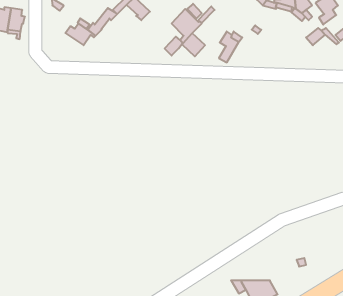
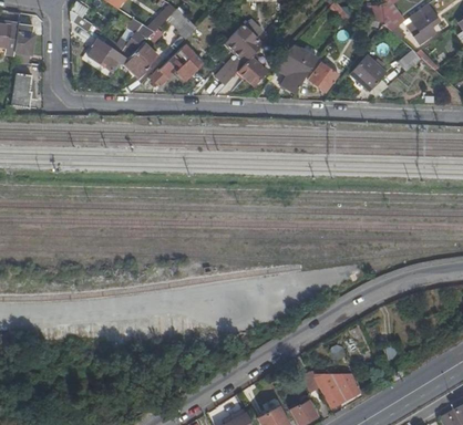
building: none -> [123,42,158,76]
building: none -> [150,42,204,85]
building: none -> [350,54,385,90]
building: none -> [308,62,337,92]
building: none -> [12,72,32,106]

